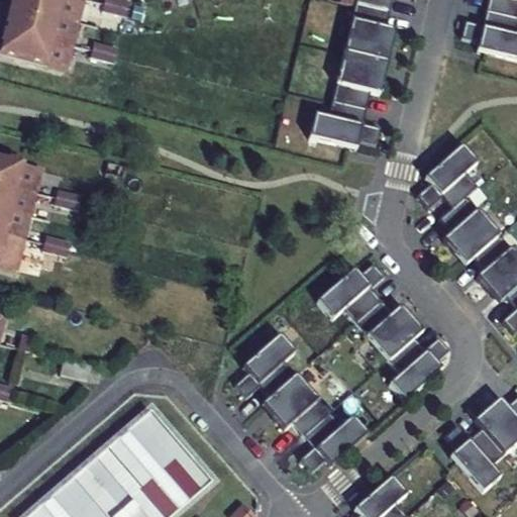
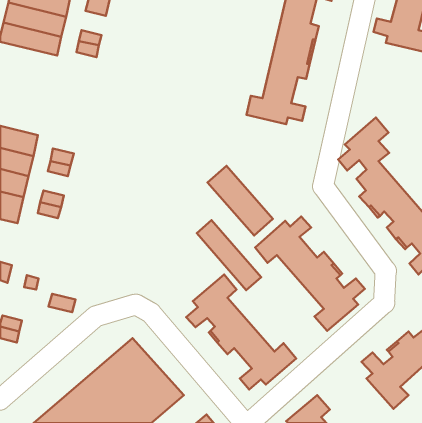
building: none -> [208,166,273,236]
building: none -> [197,220,261,290]

